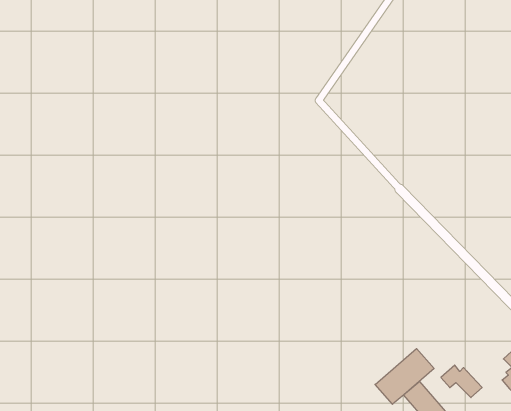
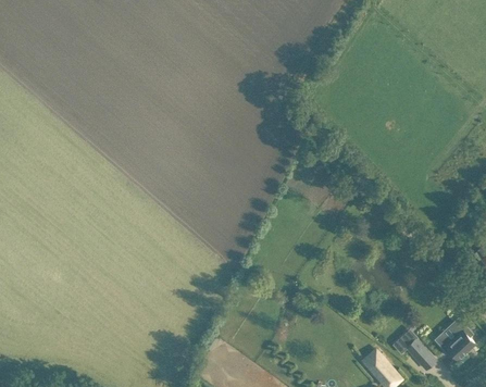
building: [375,349,434,404] -> none

